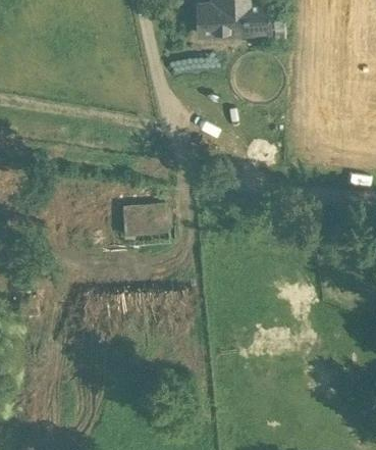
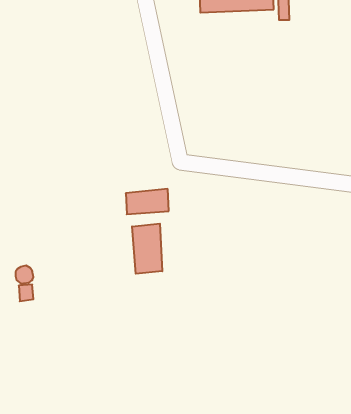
building: none -> [132,224,162,274]

